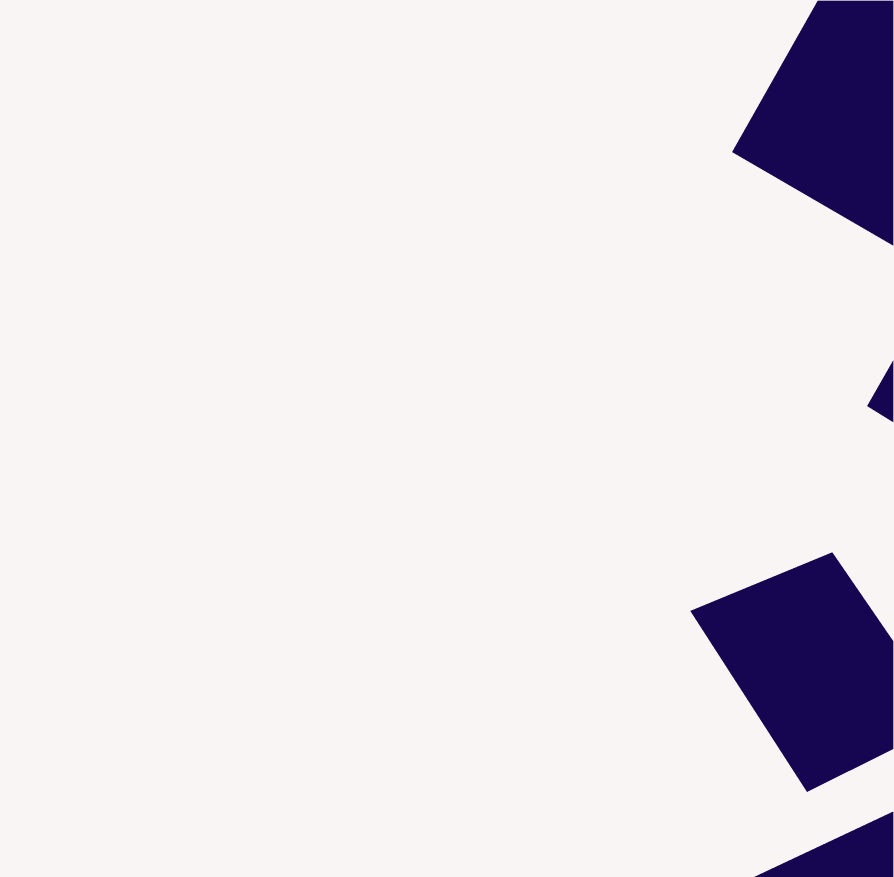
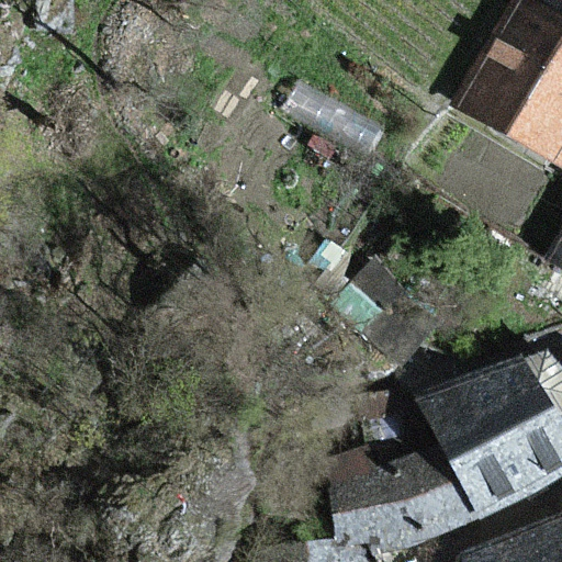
building: none -> [334,441,474,548]

